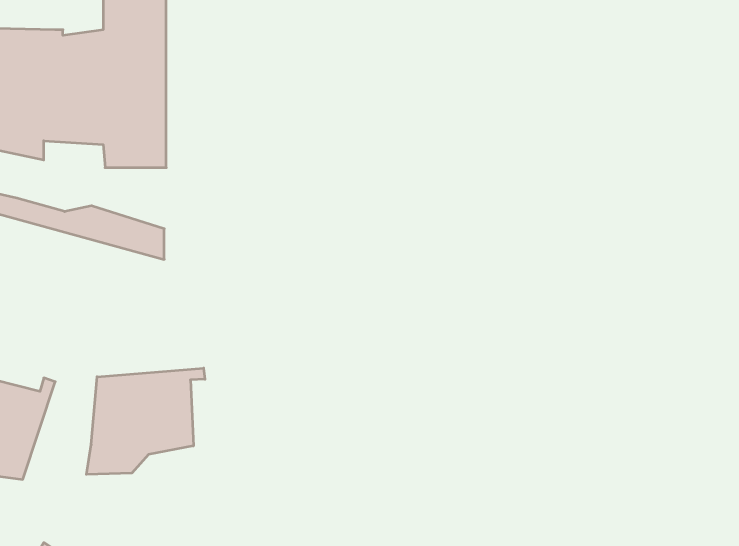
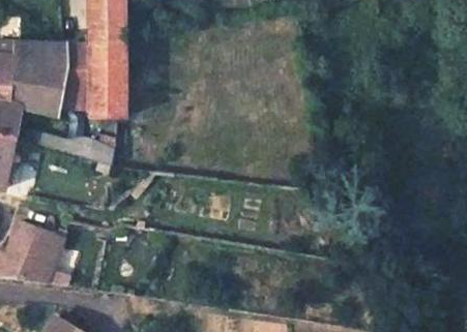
building: [86,368,205,474] -> none

